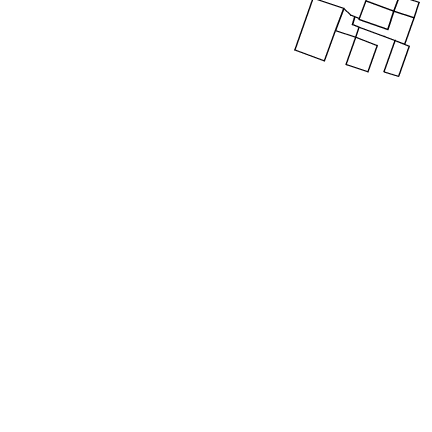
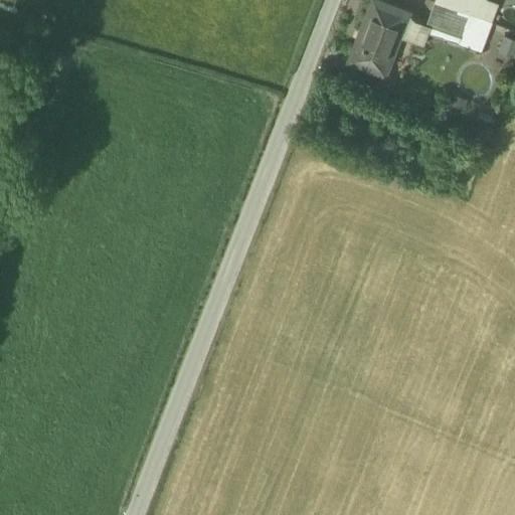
building: [346,37,377,72] -> none
building: [384,40,409,76] -> none

